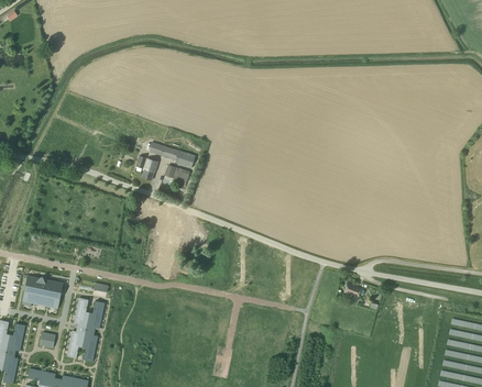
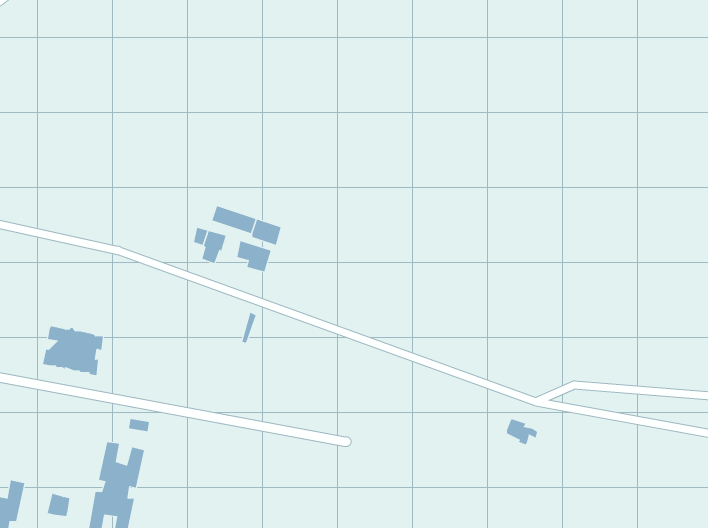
building: [22,276,63,309] -> [42,326,104,376]

